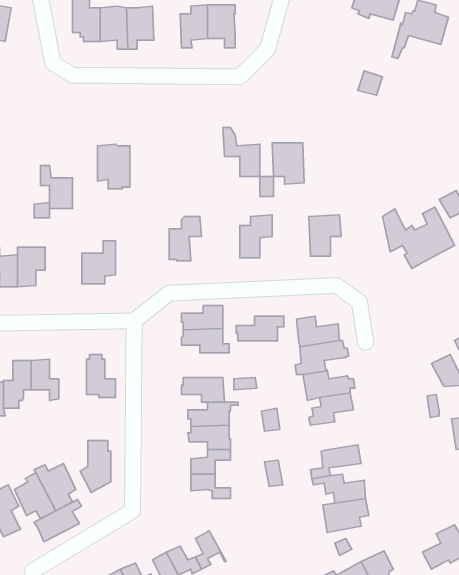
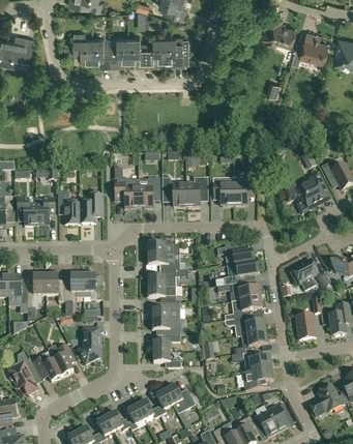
building: none -> [127,36,147,65]
building: [223,127,260,177] -> [161,173,186,206]
building: [272,143,304,184] -> [212,178,234,206]
building: [98,144,130,189] -> [117,178,139,208]
building: [40,165,73,208] -> [58,196,80,225]
building: [236,316,284,341] -> [147,270,179,287]
building: none -> [293,260,318,291]
building: none -> [64,271,83,300]
building: none -> [295,314,316,339]
building: none -> [225,318,266,336]
building: [34,499,82,542] -> none
building: none -> [166,385,196,411]

